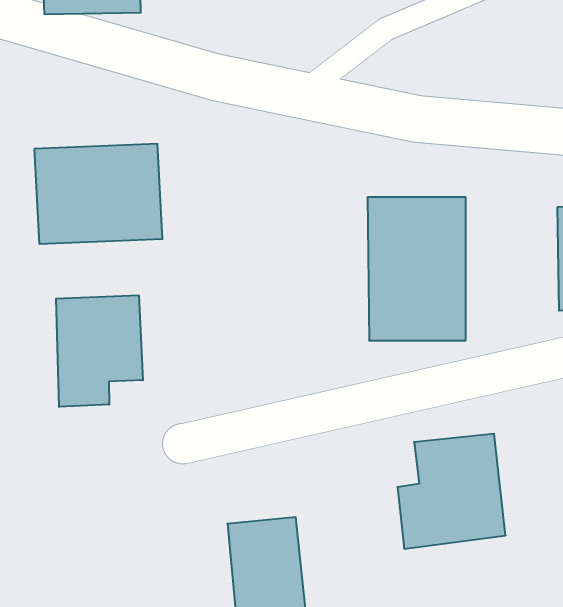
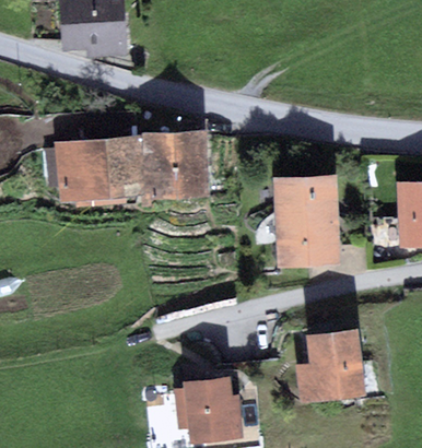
building: none -> [143,128,209,200]
building: [56,295,143,407] -> none

